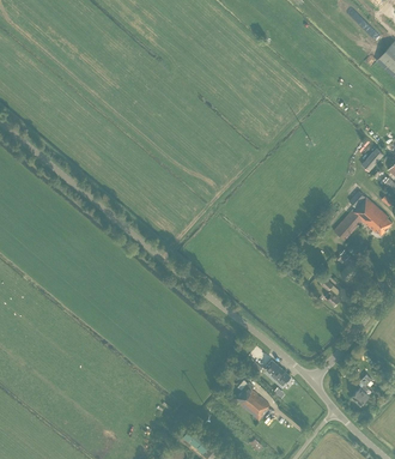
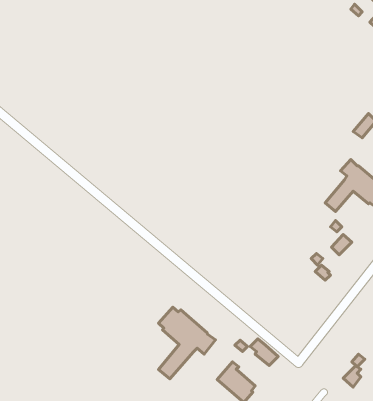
building: none -> [158,307,216,379]

